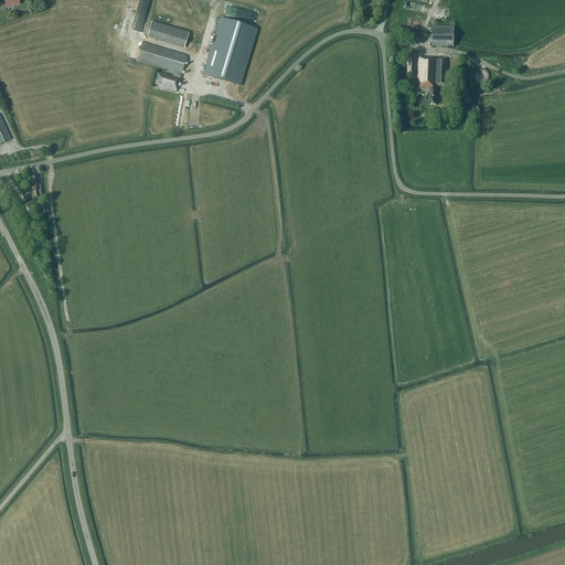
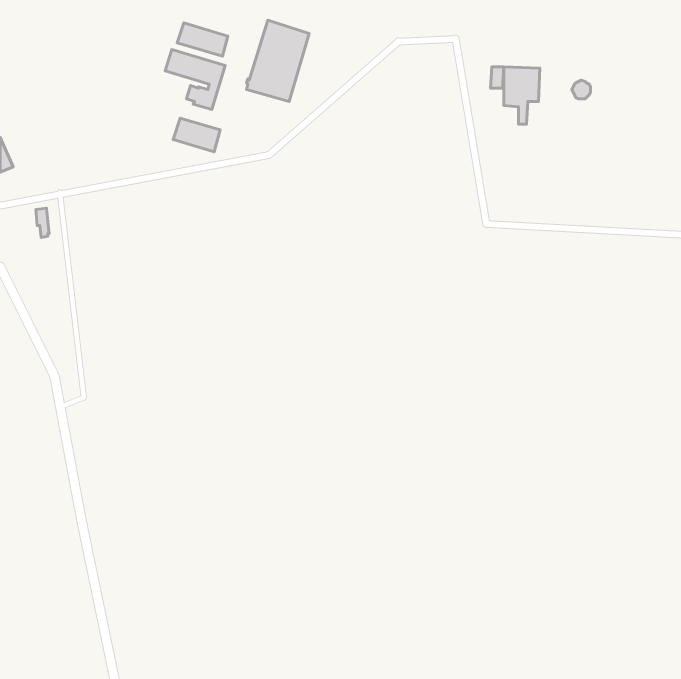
building: [431,24,454,45] -> none
building: none -> [173,118,220,152]

